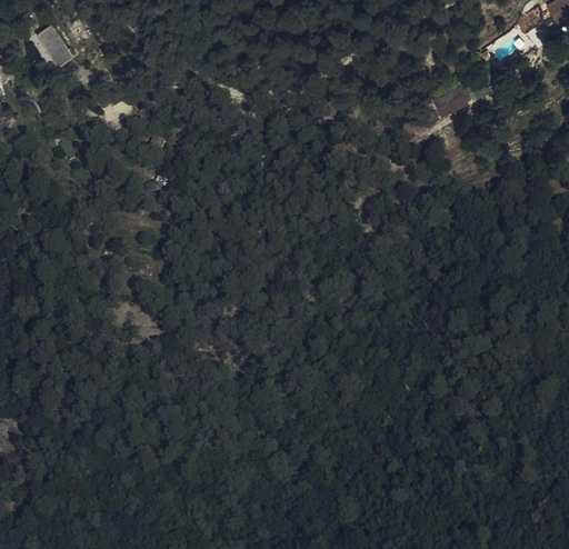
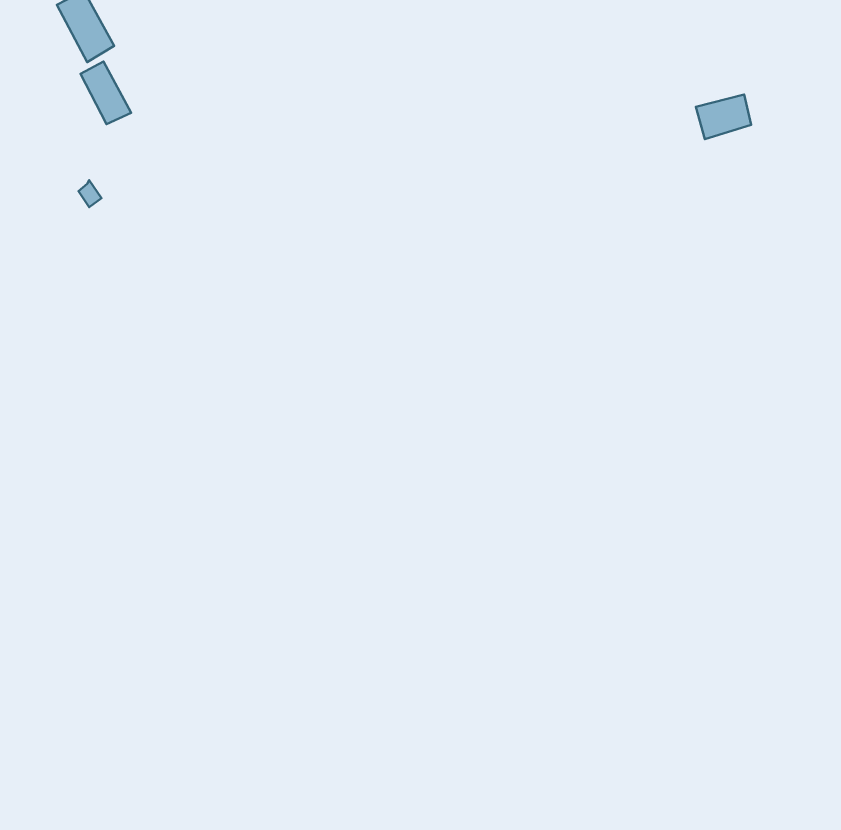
building: none -> [80,62,131,124]

